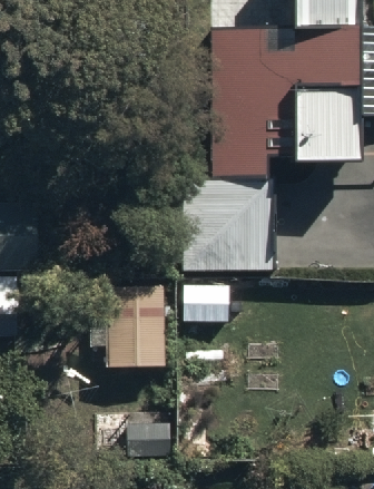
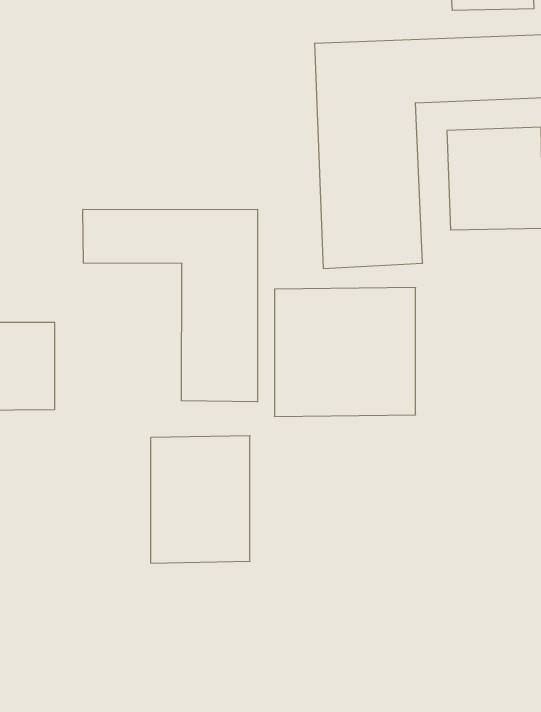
building: none -> [83,209,257,402]

